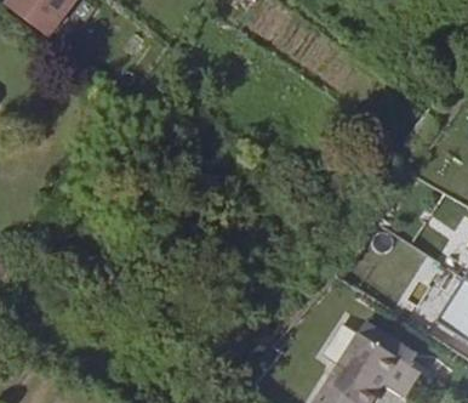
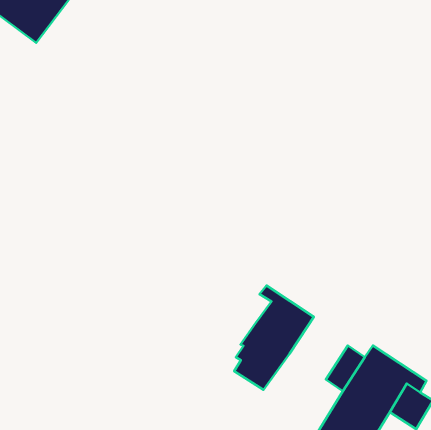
building: none -> [234,286,314,390]

